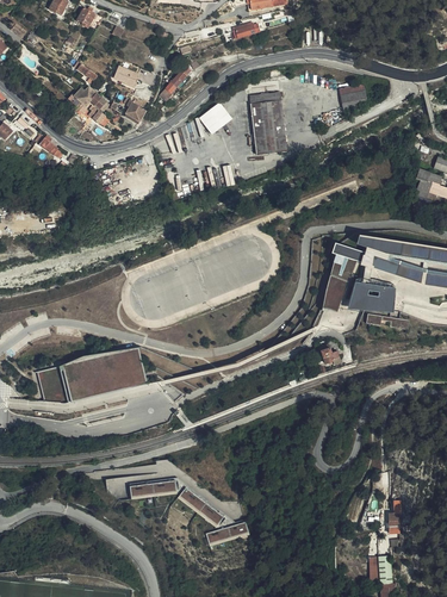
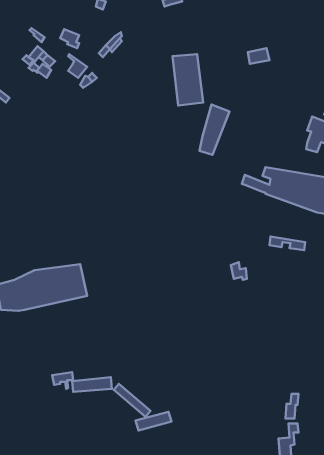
building: [198,101,232,133] -> none
building: [322,250,358,311] -> [200,104,229,155]
building: [349,279,396,311] -> none

